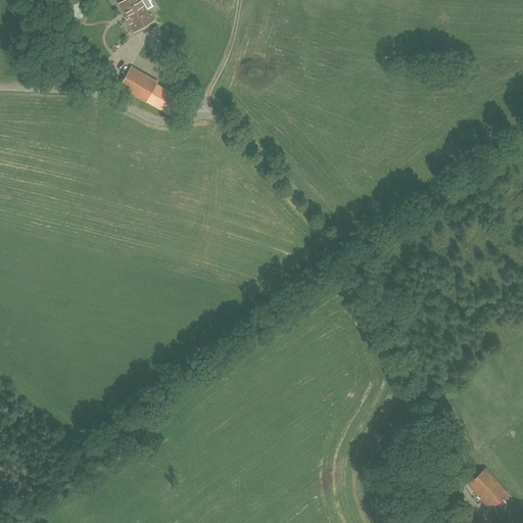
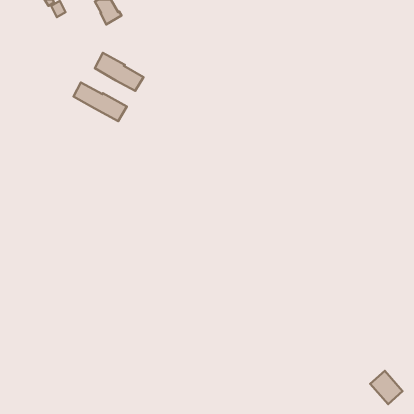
building: none -> [74,83,127,121]

